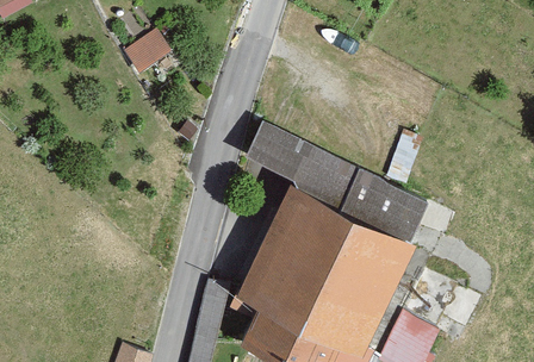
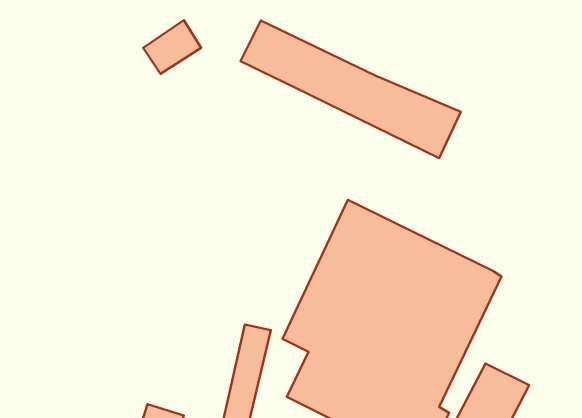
building: [247,123,428,236] -> [240,21,461,158]

